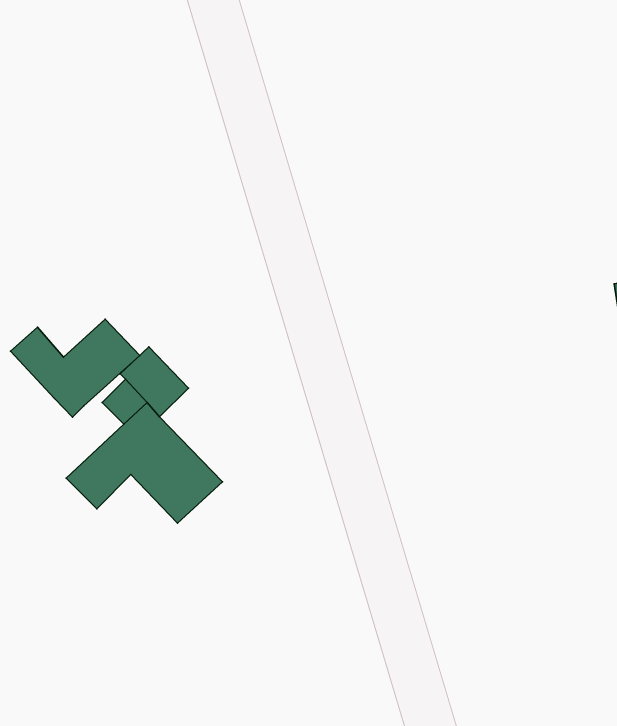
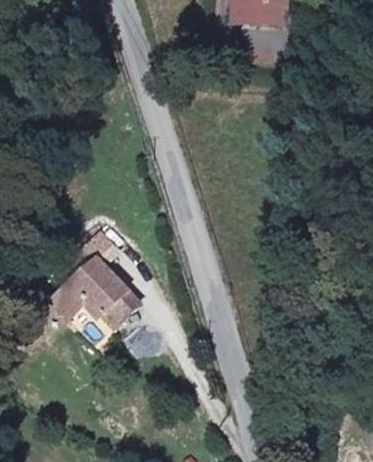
building: [10,319,140,417] -> none

